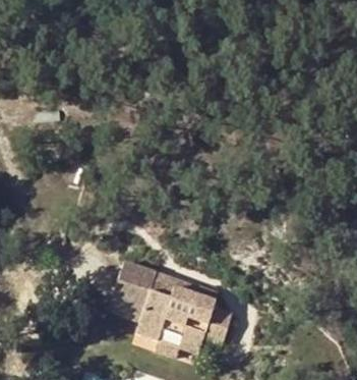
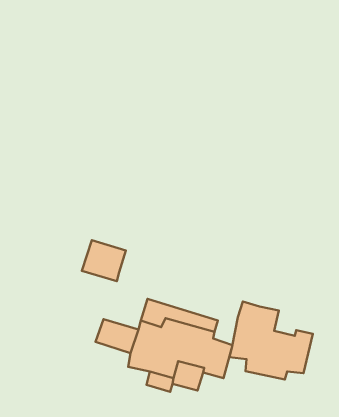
building: [115,261,155,297] -> [82,240,126,281]
building: none -> [230,301,313,379]

